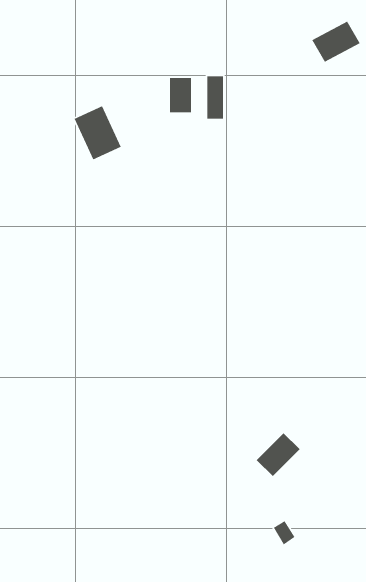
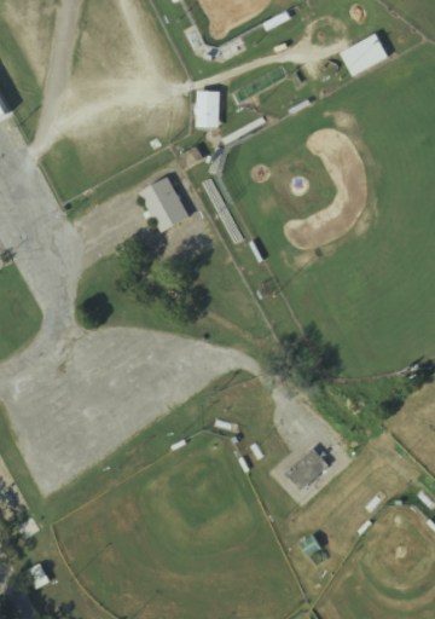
building: [207,75,224,119] -> none
building: [74,105,122,161] -> [140,177,188,232]

